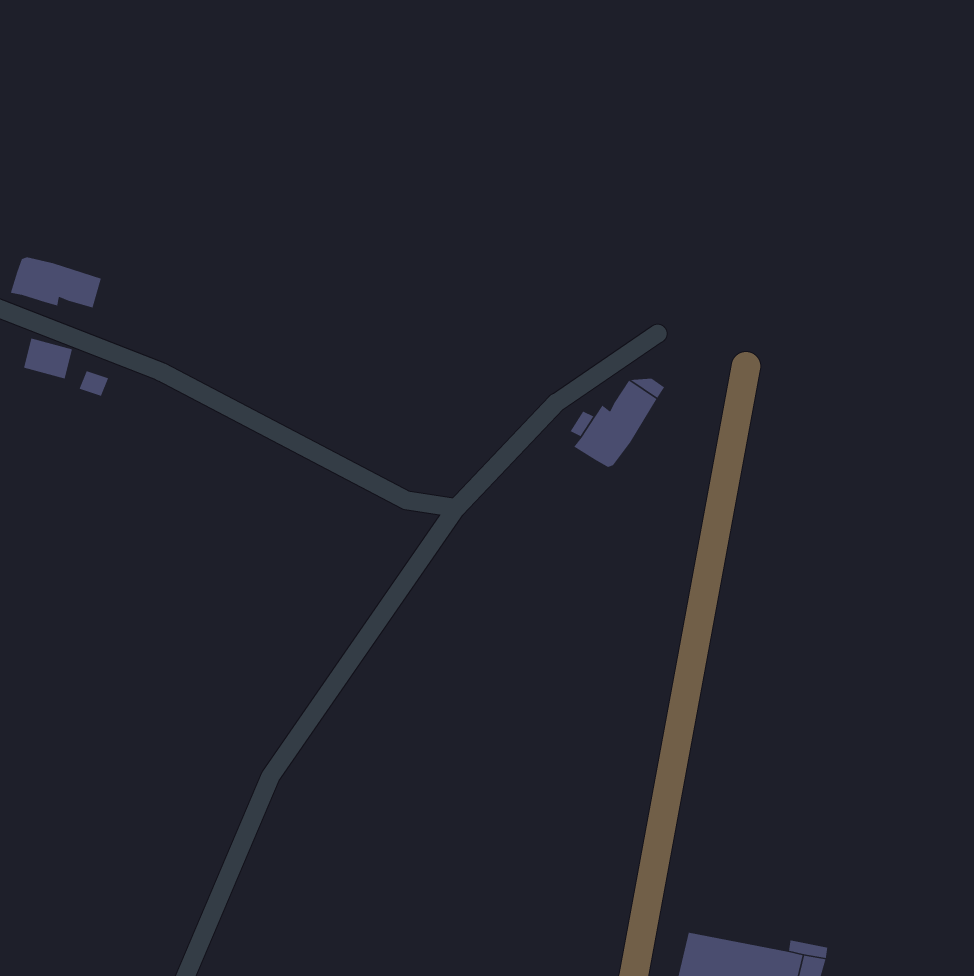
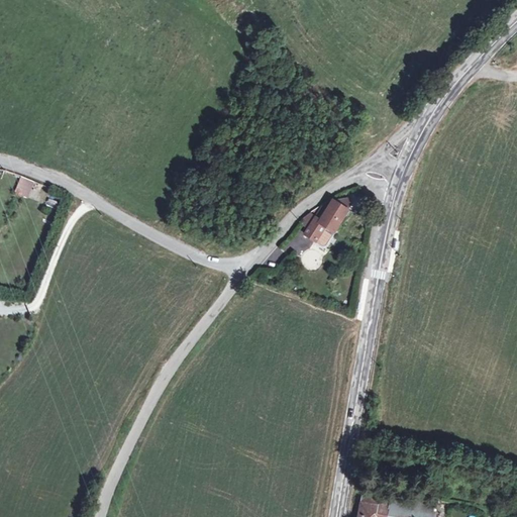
building: [10,257,102,308] -> none

